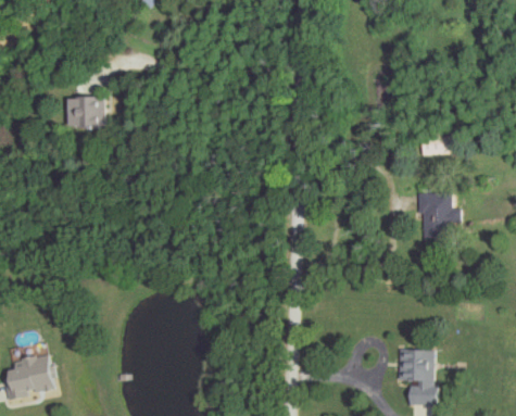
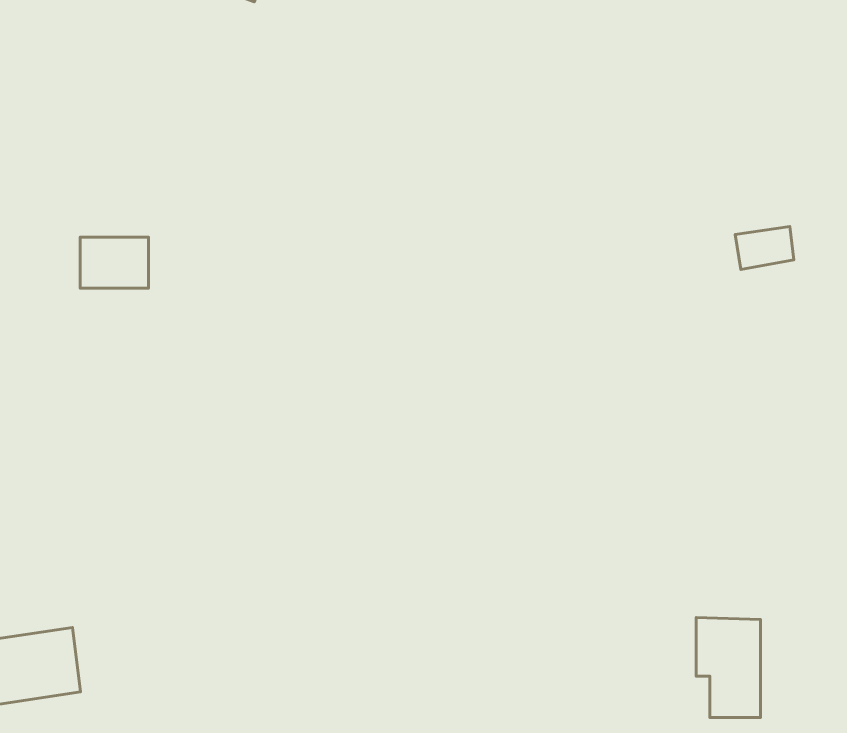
building: [66,98,104,126] -> [80,237,149,288]
building: [420,192,454,238] -> none

